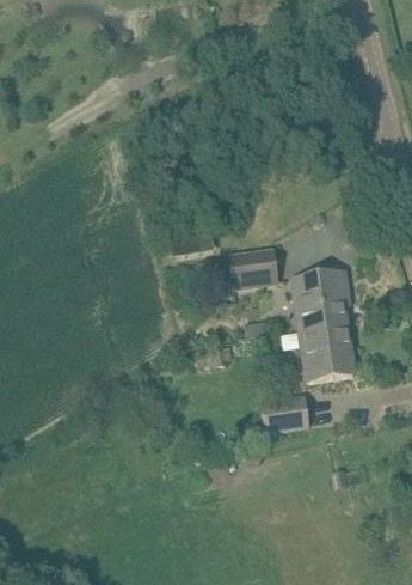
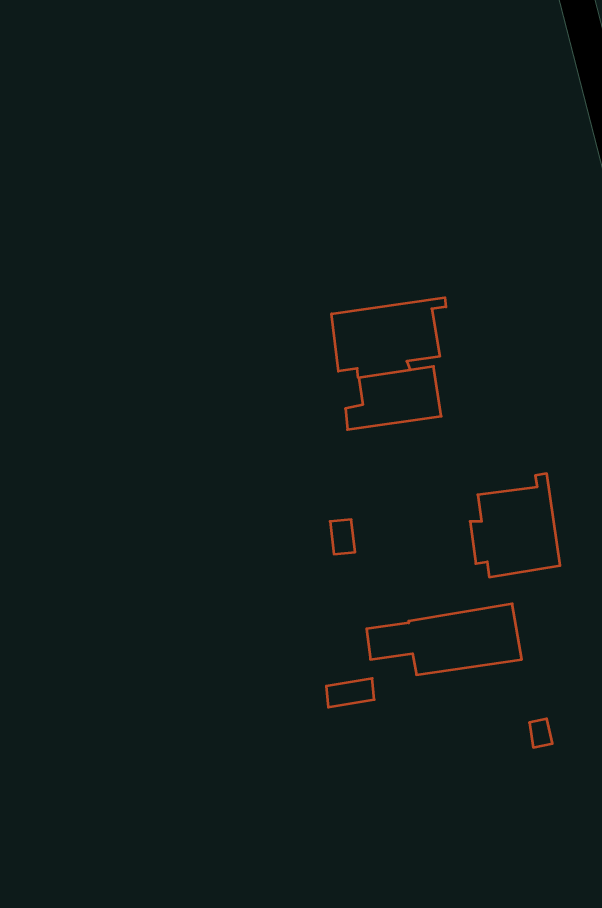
building: none -> [332,298,446,378]
building: [296,268,350,325] -> none

